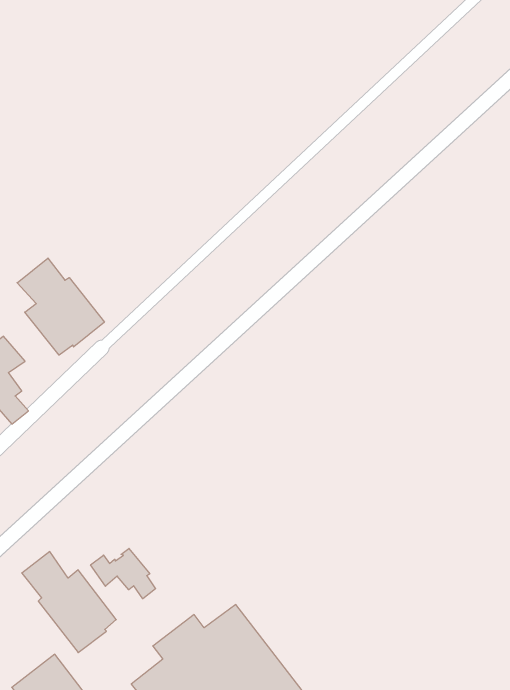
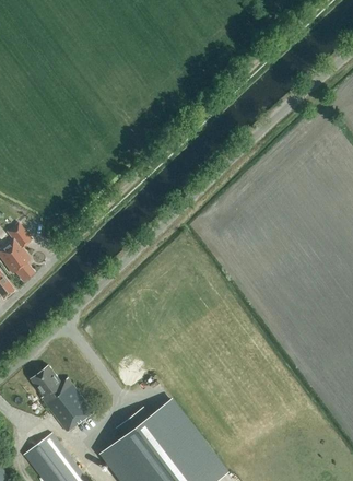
building: [17,258,104,355] -> none
building: [91,548,156,599] -> none

